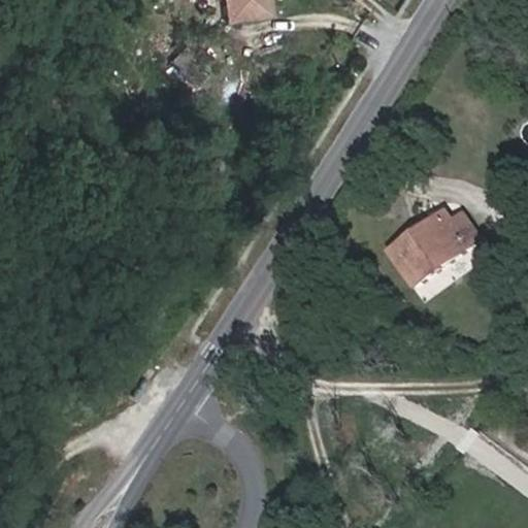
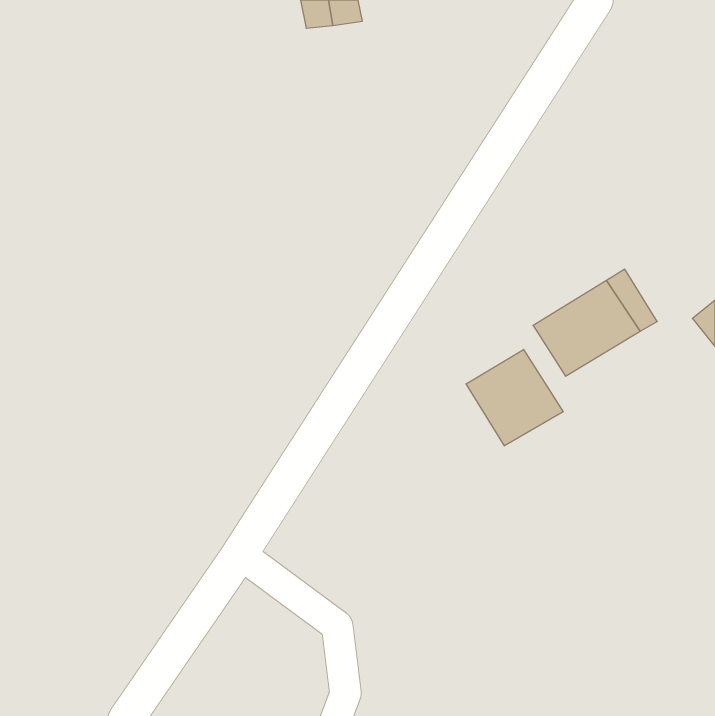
building: none -> [466,349,563,446]

